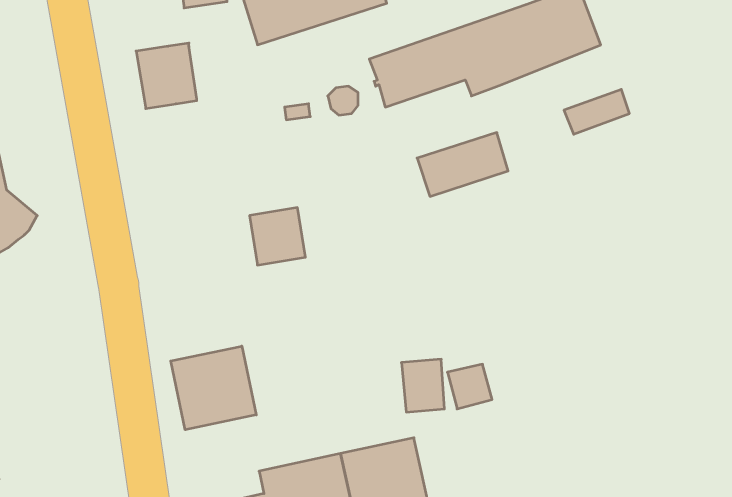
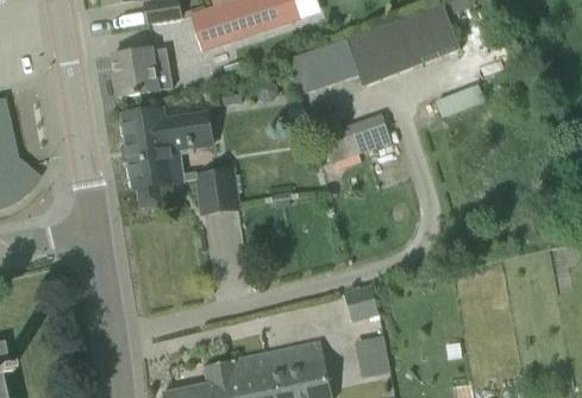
building: none -> [124,108,213,204]
building: [171,346,256,430] -> none
building: [401,359,444,412] -> [353,334,386,373]

